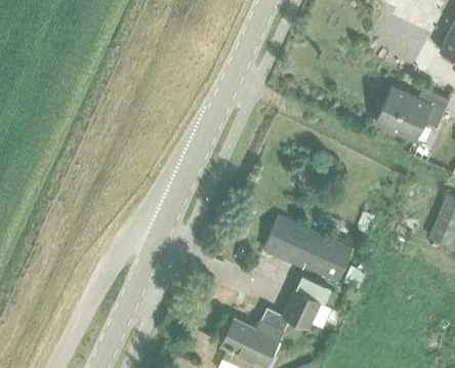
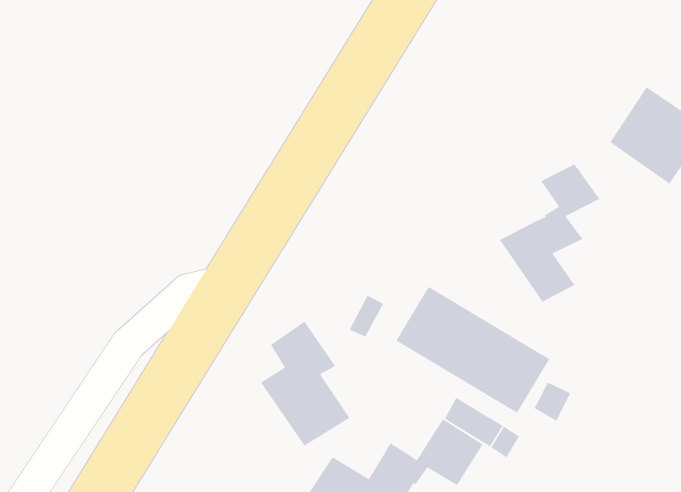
building: none -> [499,163,600,302]
building: none -> [260,321,350,447]

